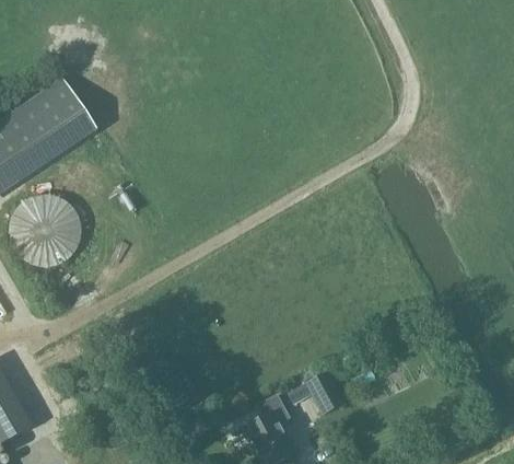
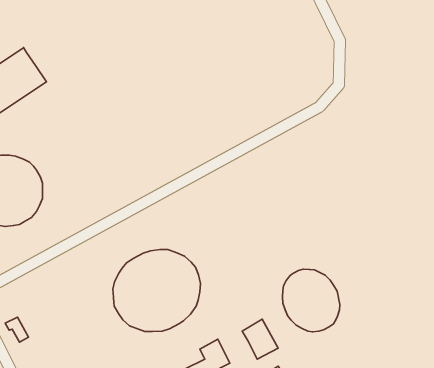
building: none -> [113,249,200,331]
building: none -> [282,269,340,332]

